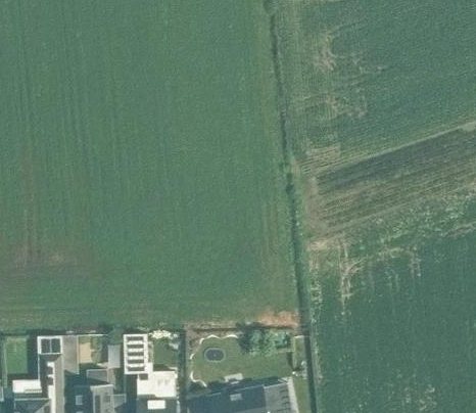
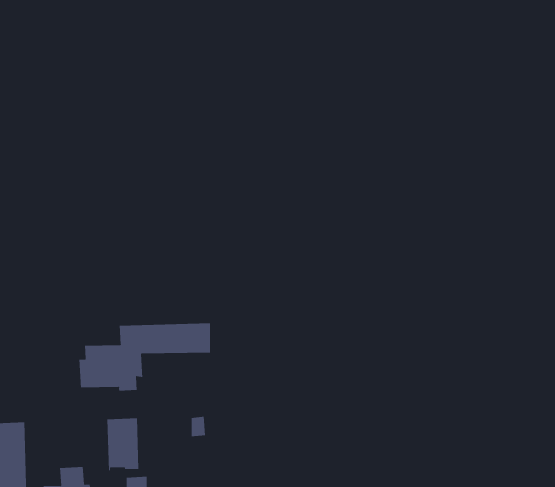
building: none -> [79,323,211,392]

